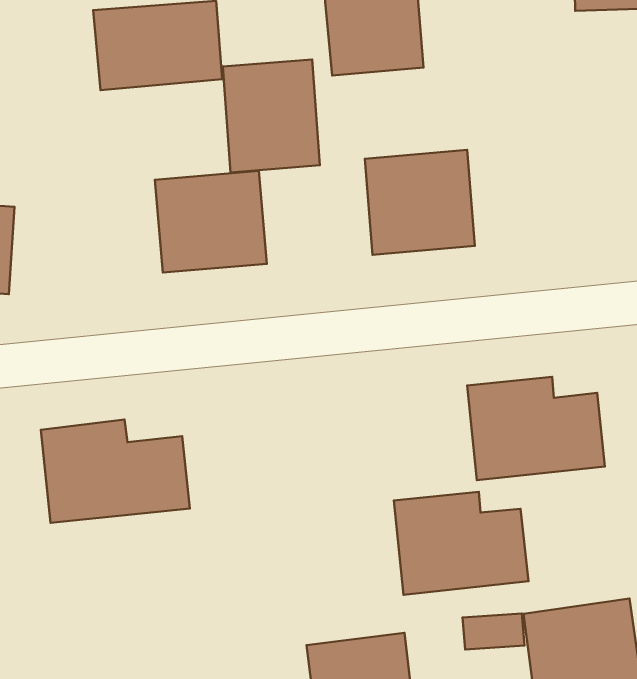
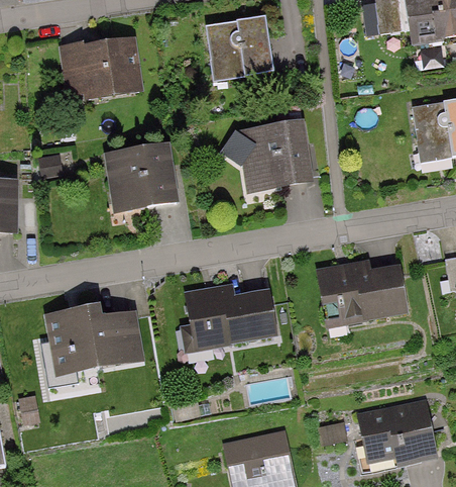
building: [223,59,320,172] -> none
building: [394,492,528,595] -> [185,283,273,352]

